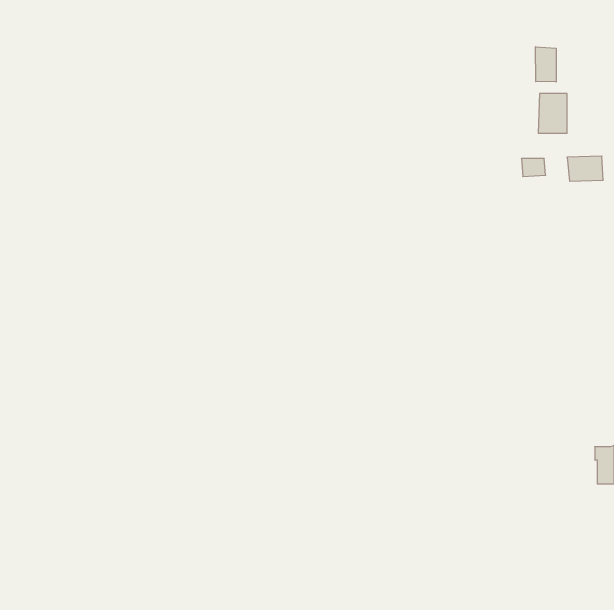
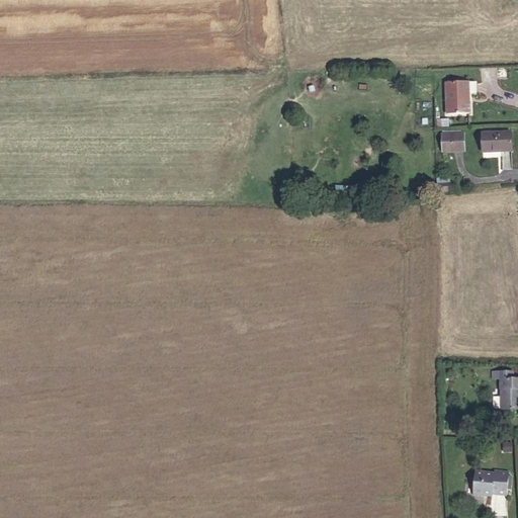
building: [536,47,556,82] -> none
building: none -> [472,467,508,495]

